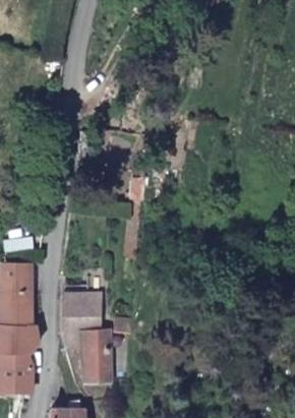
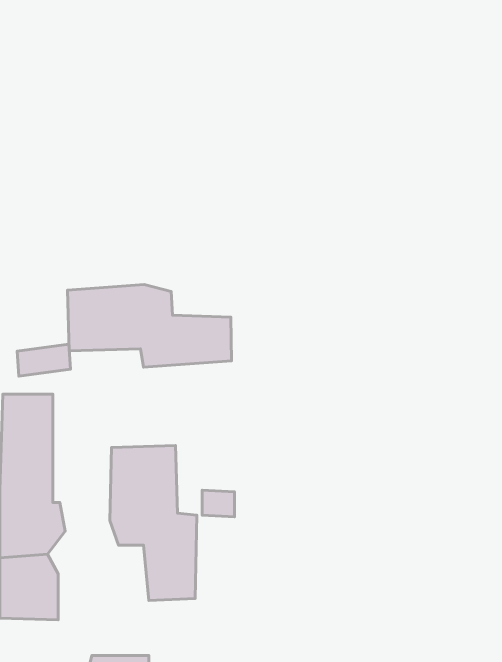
building: none -> [68,284,232,367]

